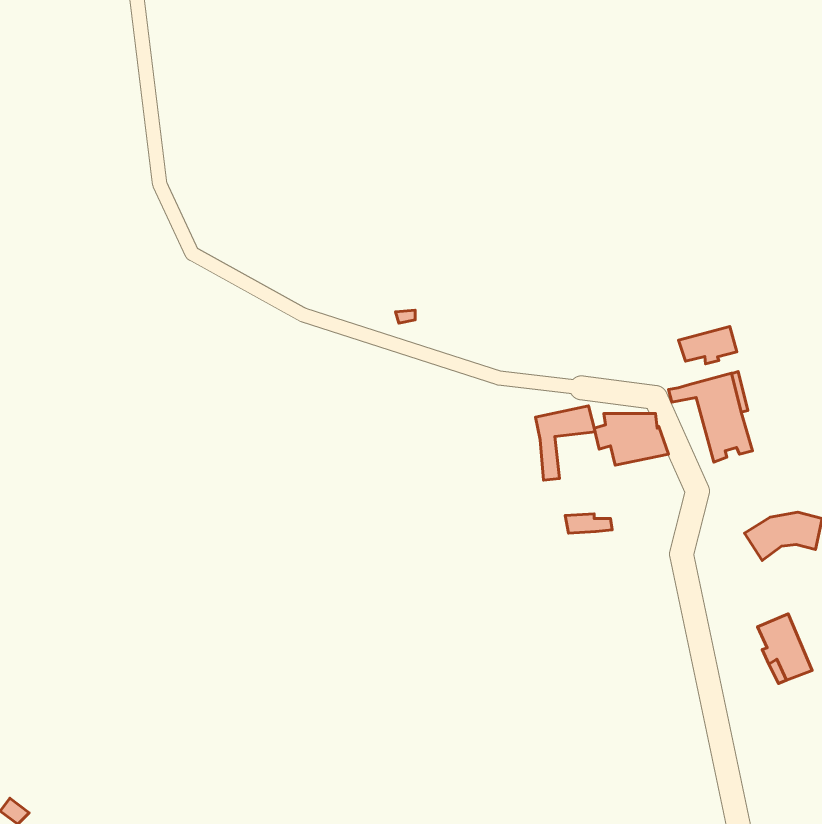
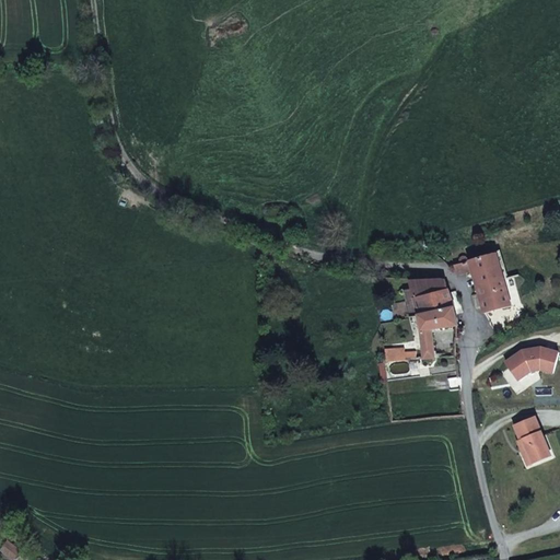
building: [679,326,737,364] -> none
building: [535,406,595,480] -> [417,307,457,358]

